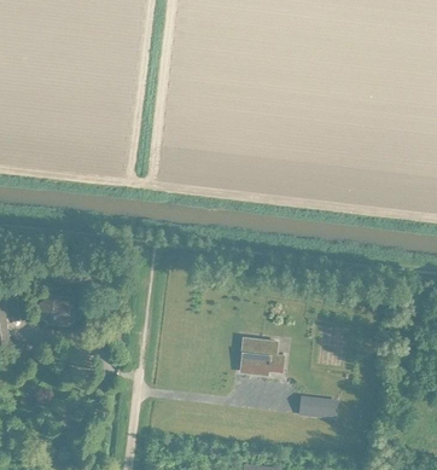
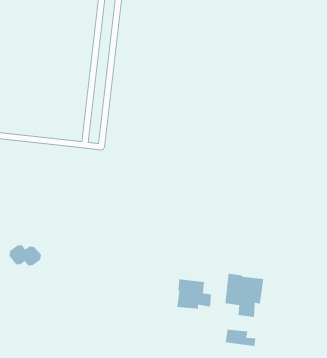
building: none -> [225,273,264,318]

